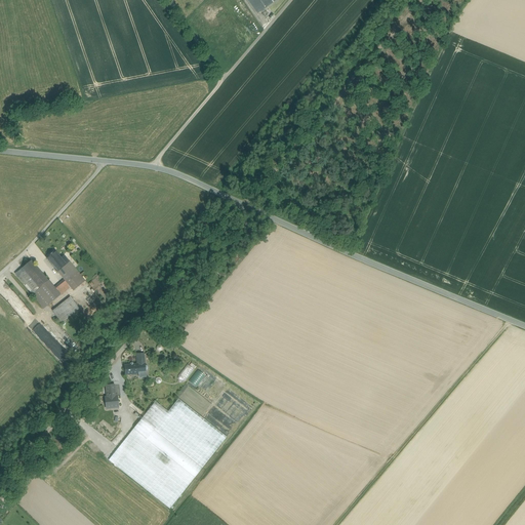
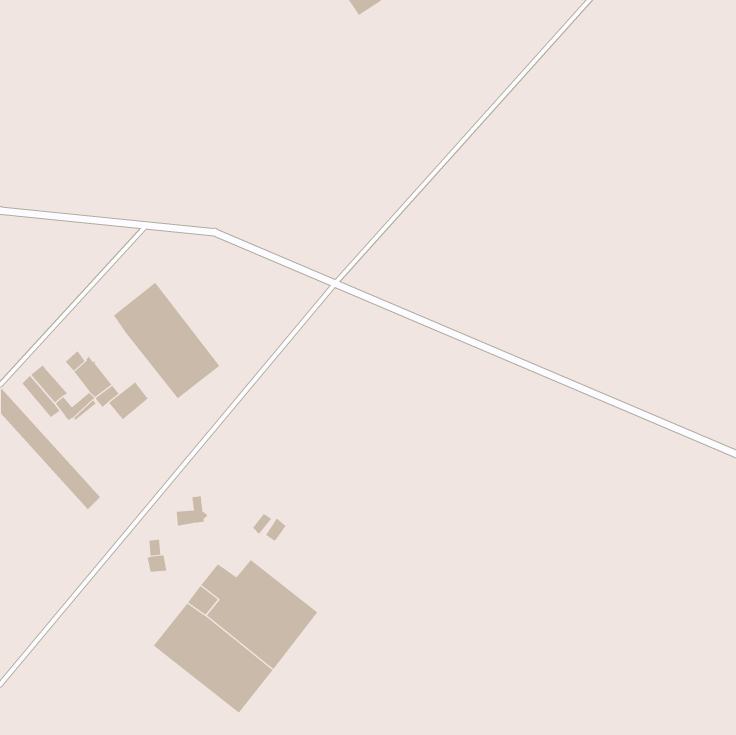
building: none -> [113,282,220,399]
building: [49,295,78,323] -> [108,381,148,420]

